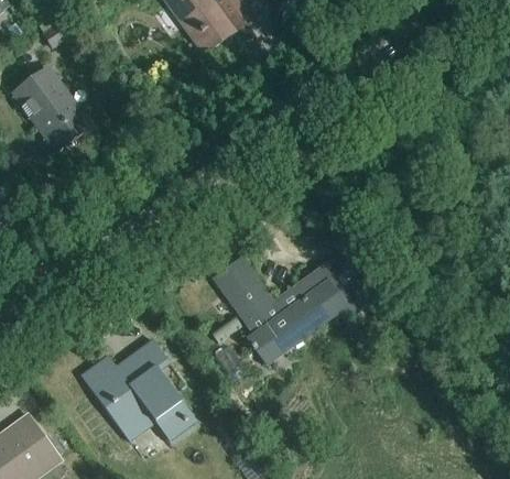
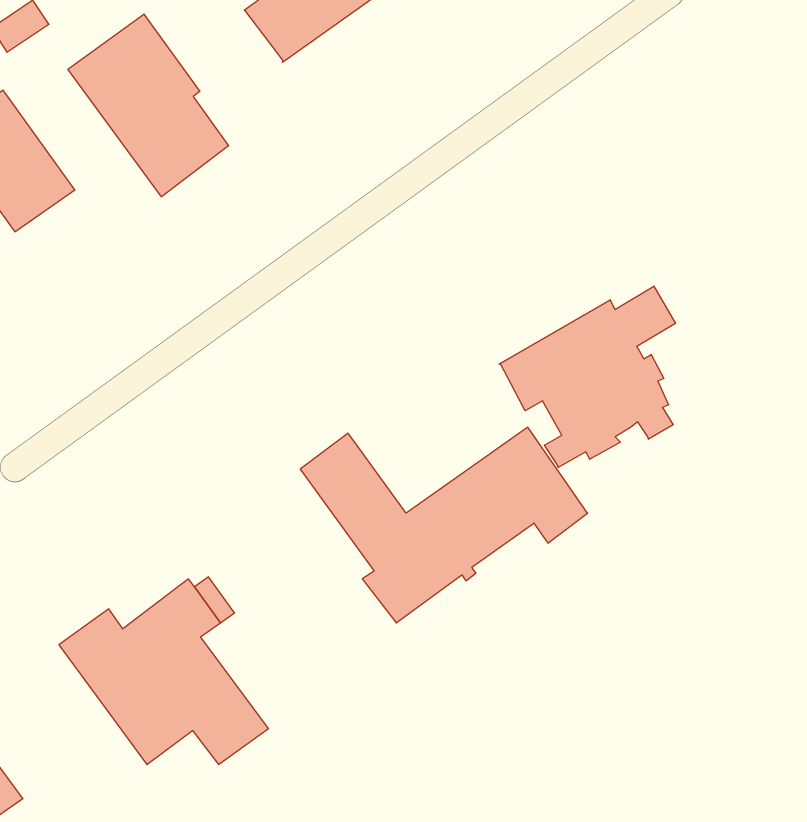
building: none -> [68,14,229,197]
building: none -> [499,286,676,468]

